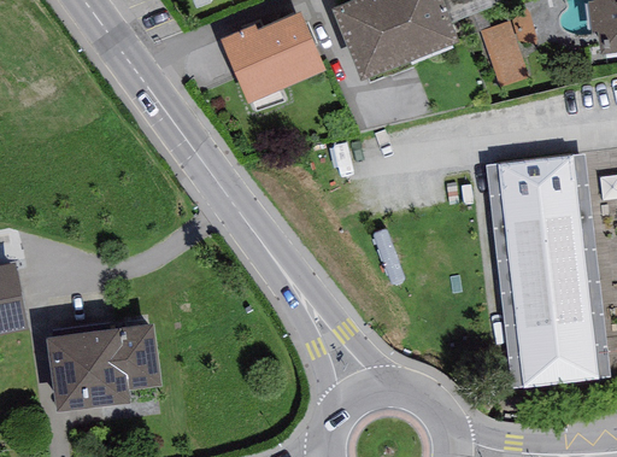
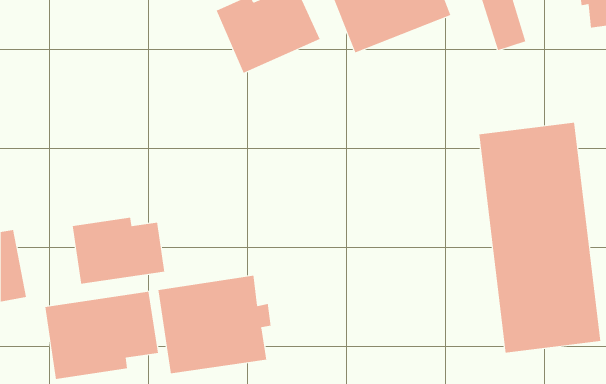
building: none -> [72,217,165,284]
building: none -> [158,275,271,374]

